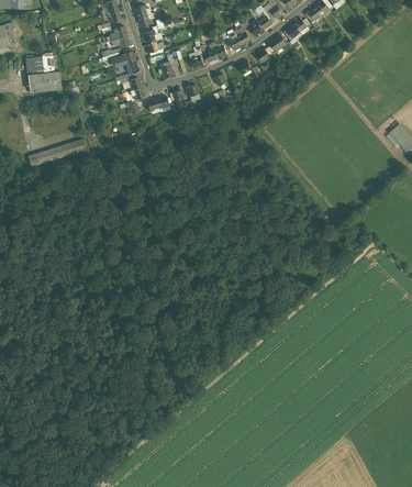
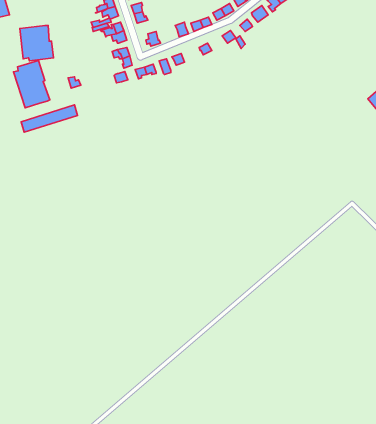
building: none -> [13,61,50,108]

